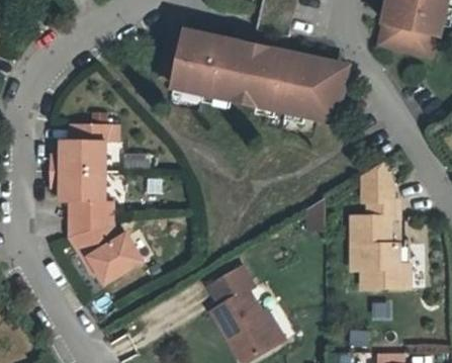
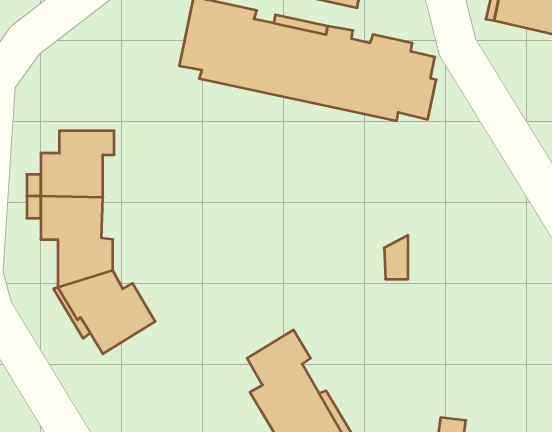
building: [351,163,409,287] -> none

